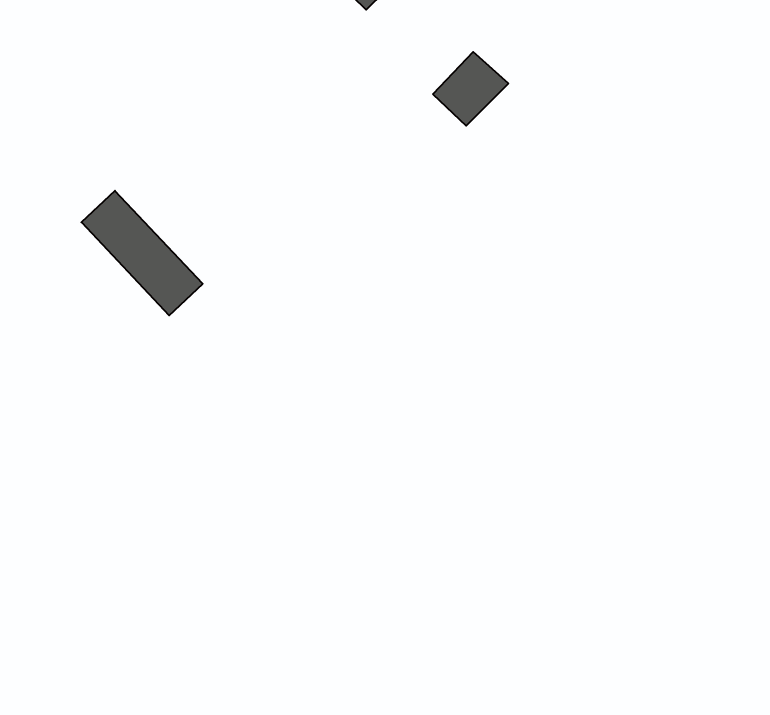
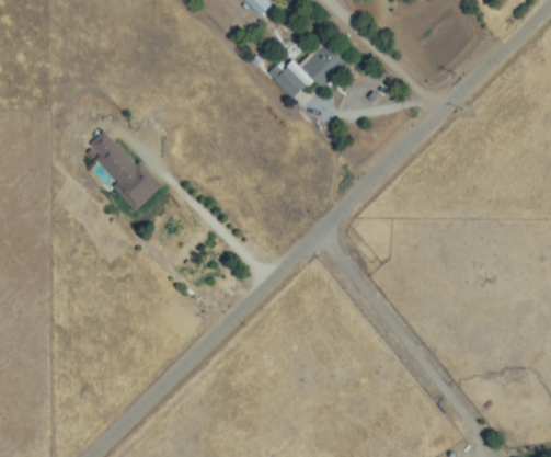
building: none -> [268,60,305,96]

